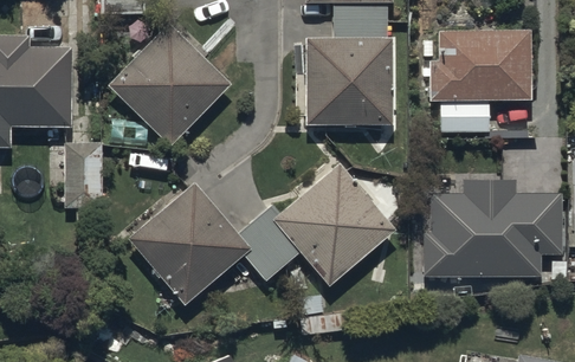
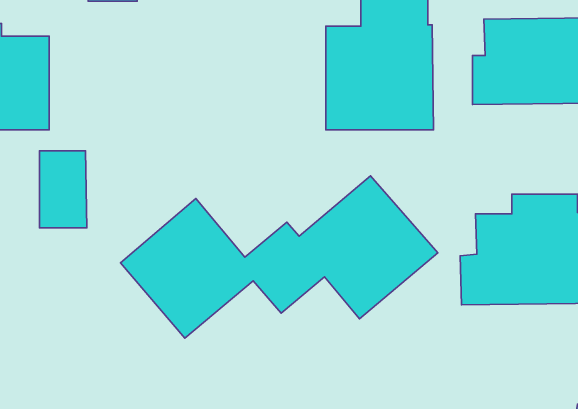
building: [109,24,230,144] -> none

